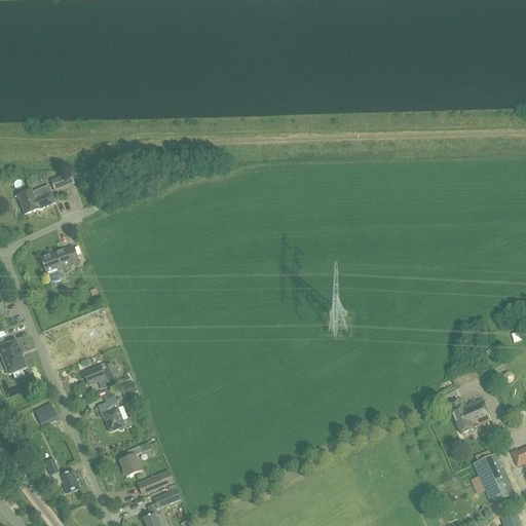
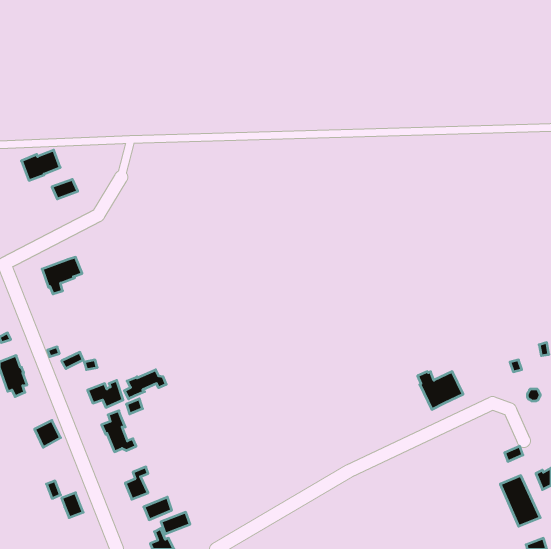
building: [16,184,53,213] -> [21,150,60,180]
building: none -> [124,370,166,399]
building: [447,397,490,433] -> [418,372,463,409]

